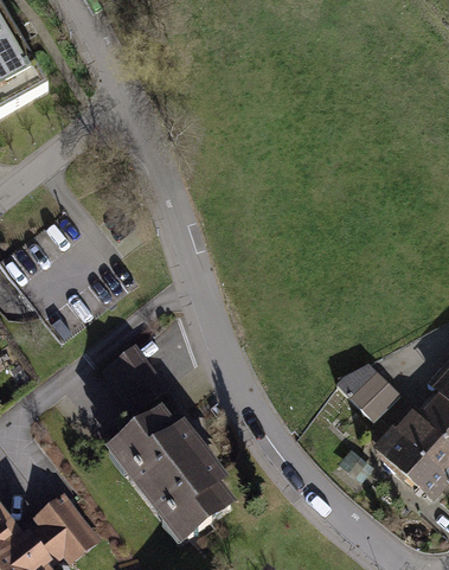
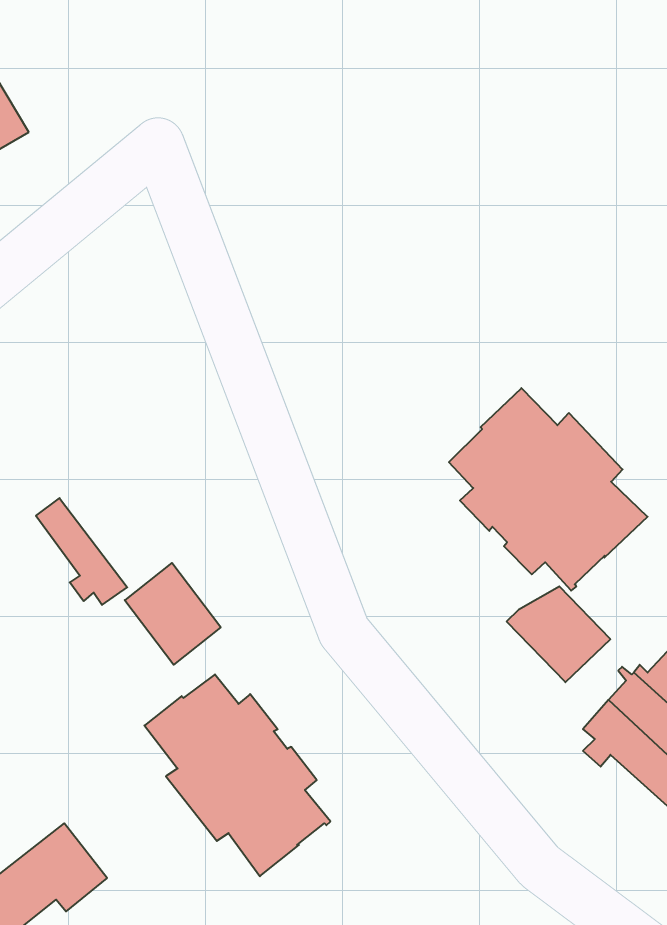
building: none -> [449,388,648,591]
building: none -> [36,498,127,605]

